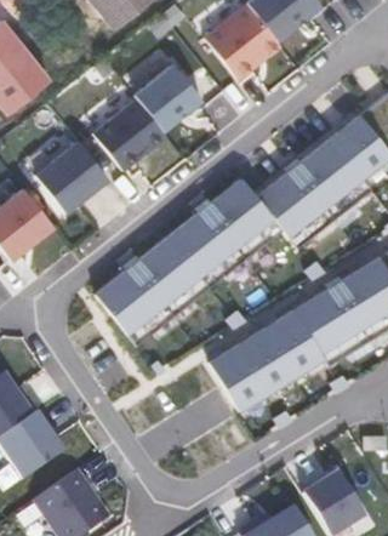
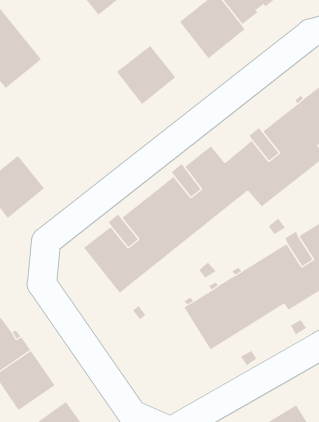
building: [92,97,166,170] -> none
building: [35,141,108,212] -> none

